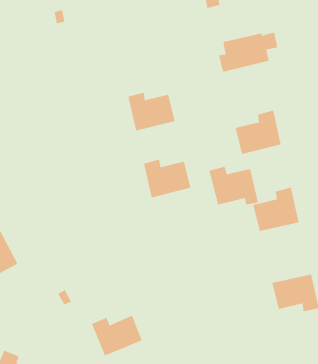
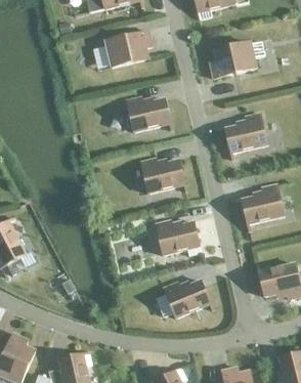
building: none -> [104,30,152,67]
building: [209,166,259,205] -> [155,218,201,254]
building: [91,315,142,356] -> [163,279,210,316]

